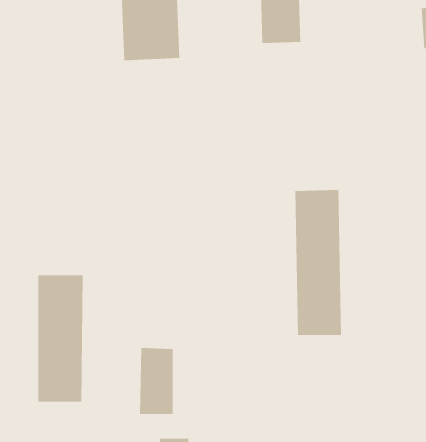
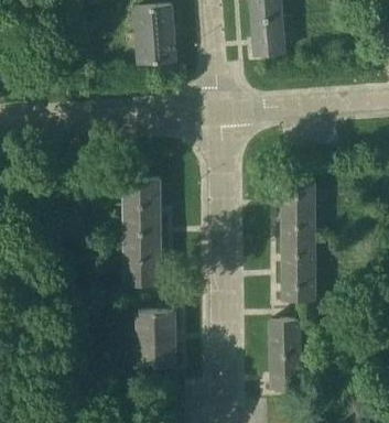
building: [37,275,83,402] -> [118,175,156,282]
building: none -> [266,315,300,381]

